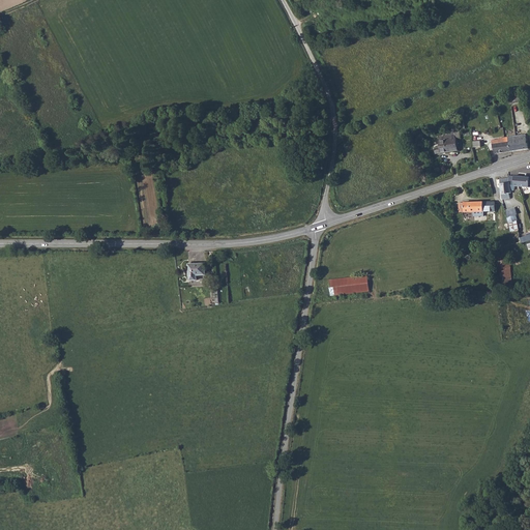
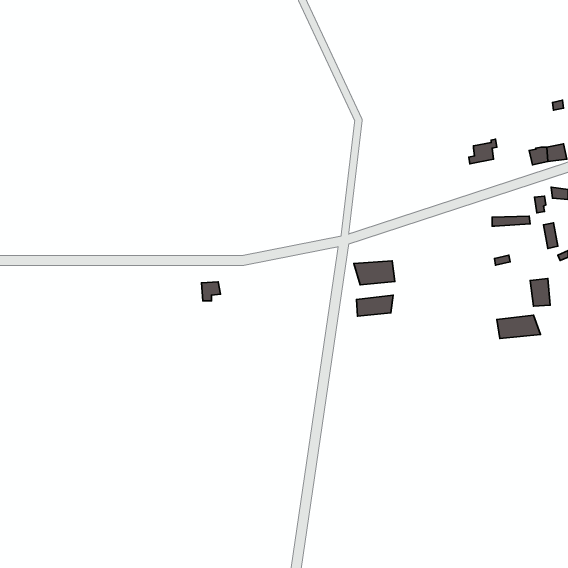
building: none -> [354,261,395,285]
building: none -> [497,315,541,339]

